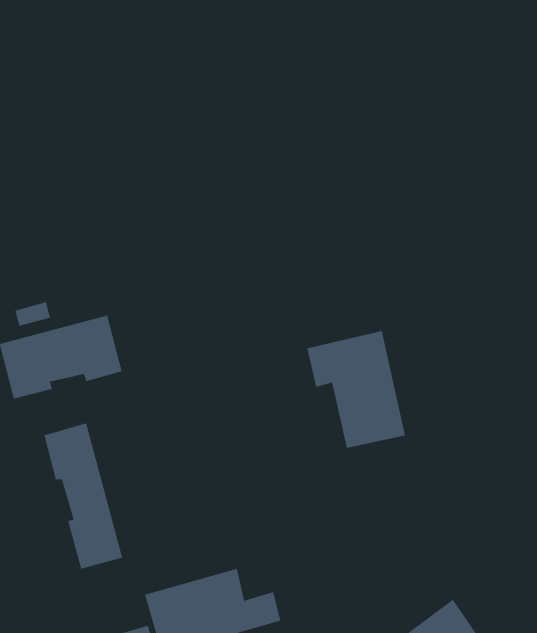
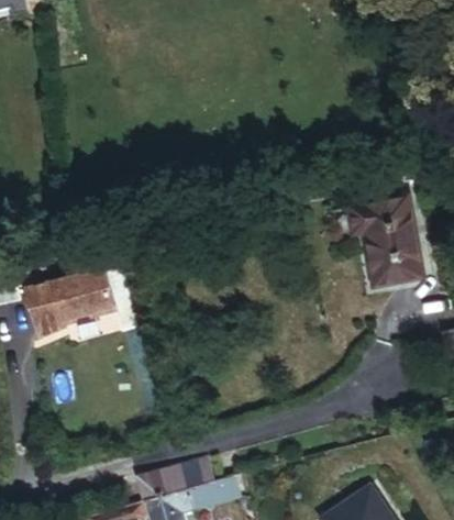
building: [307,331,406,449] -> [340,200,414,289]
building: [44,423,123,569] -> none

